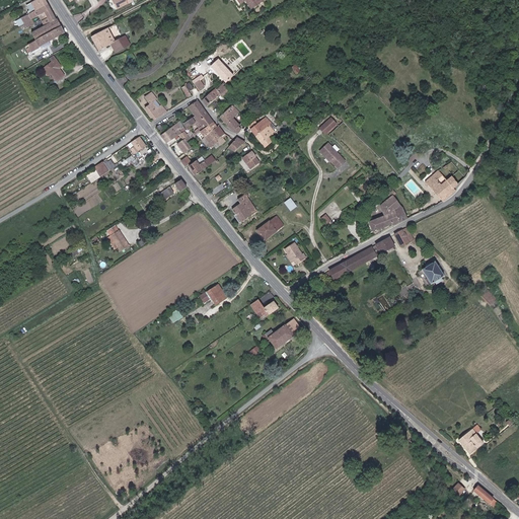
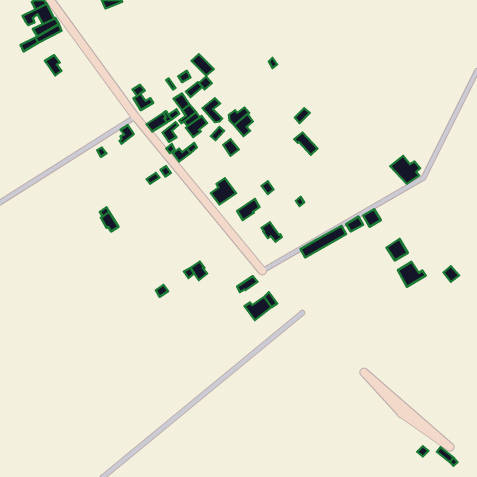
building: [91,28,130,52] -> none
building: [368,194,407,231] -> none
building: none -> [398,262,426,287]
building: [456,424,483,454] -> none

